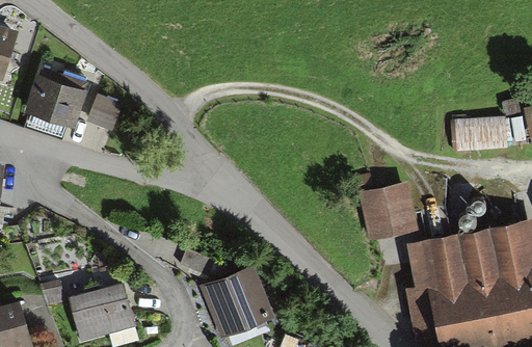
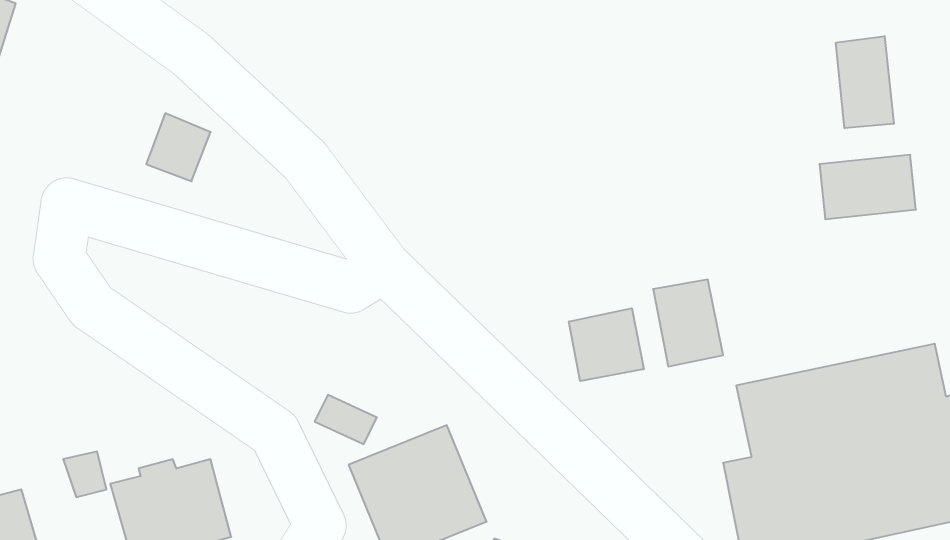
building: none -> [836,36,894,128]
building: [25,69,89,129] -> none
building: none -> [569,308,644,381]

